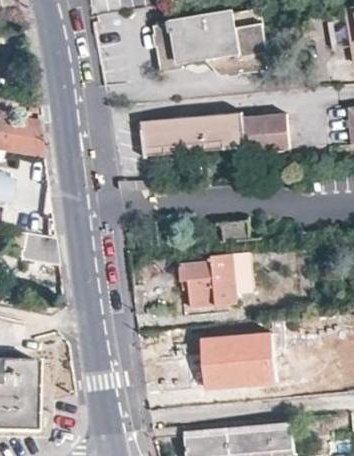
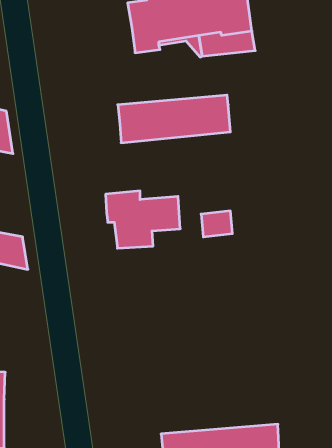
building: [244,115,291,154] -> none
building: [178,252,247,305] -> [106,191,180,248]
building: [200,330,273,384] -> none

